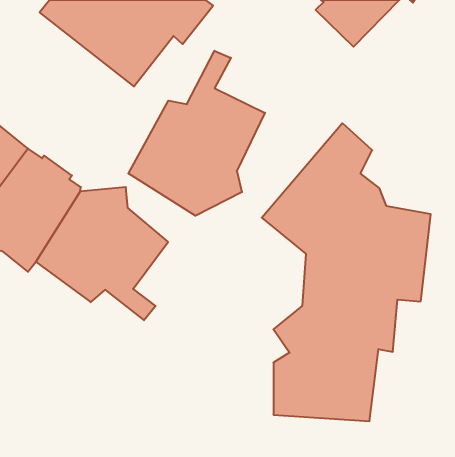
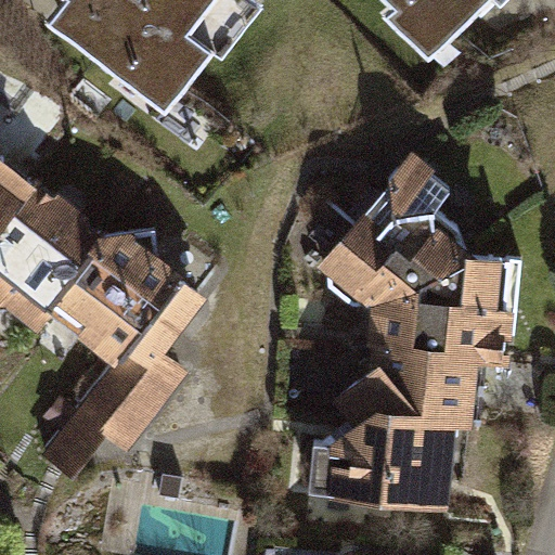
building: [128,51,265,216] -> none
building: none -> [42,352,173,475]

